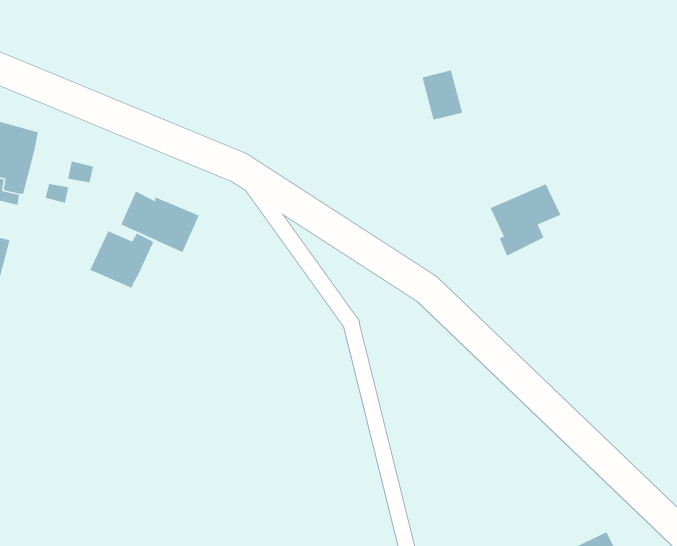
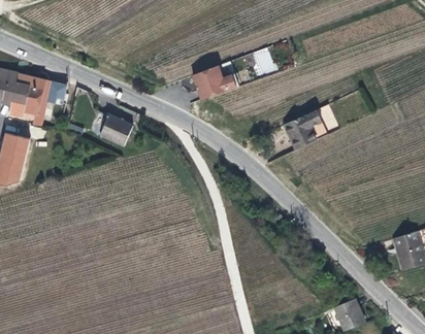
building: none -> [190,62,237,100]
building: [89,230,154,289] -> none

